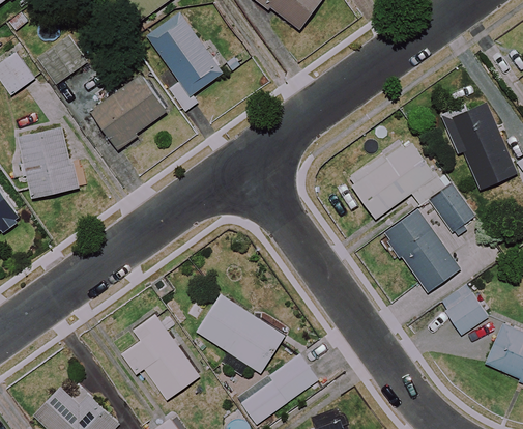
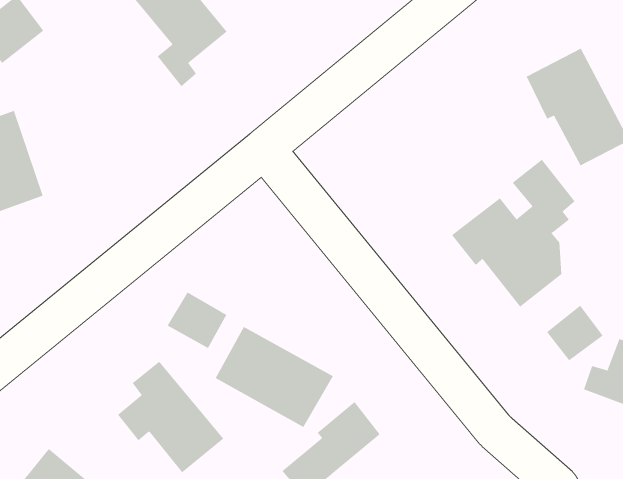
building: [88,74,165,148] -> none
building: [349,139,436,218] -> none
building: none -> [167,292,227,349]

